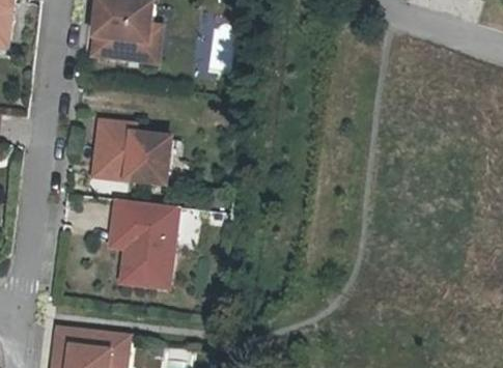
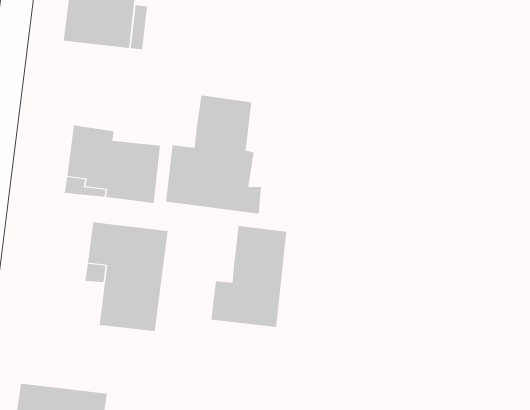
building: none -> [165,95,262,214]
building: none -> [211,225,287,328]

